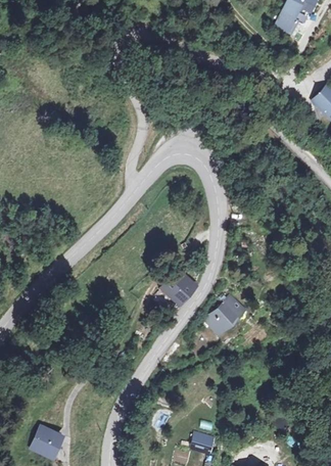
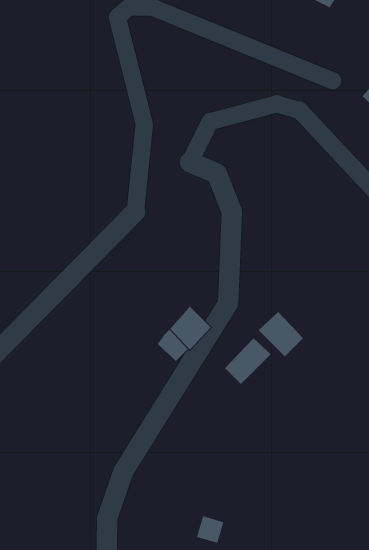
building: none -> [258,311,304,357]
building: [32,425,61,454] -> none

